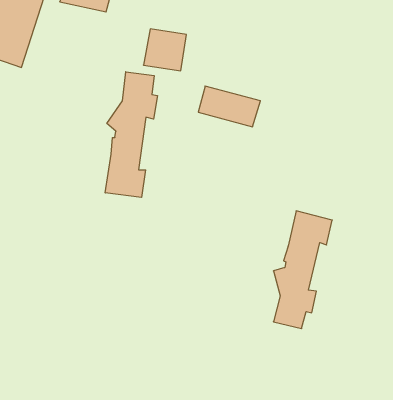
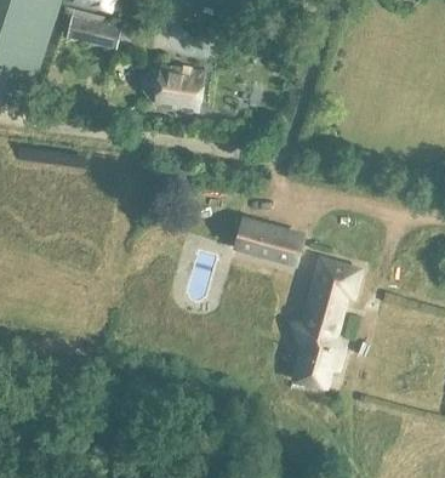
building: [105,72,157,197] -> none
building: [198,86,260,127] -> [235,221,302,264]

